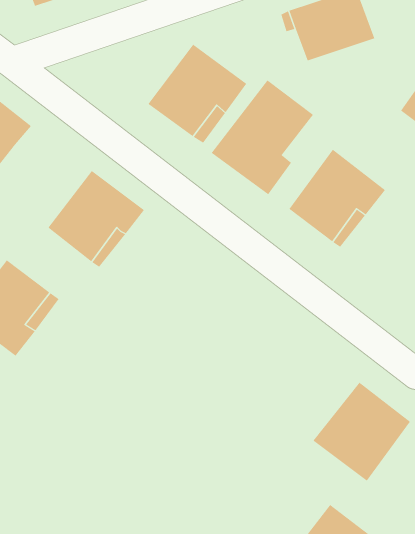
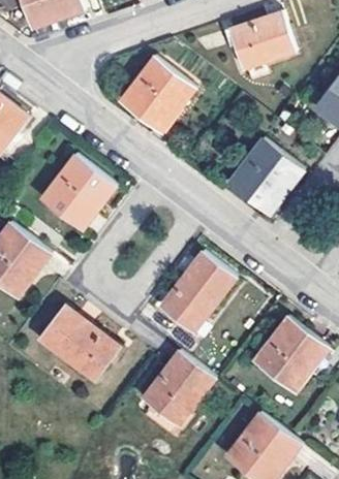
building: [211,80,314,195] -> none
building: none -> [159,251,236,332]
building: none -> [39,305,120,380]
building: none -> [143,350,216,426]

